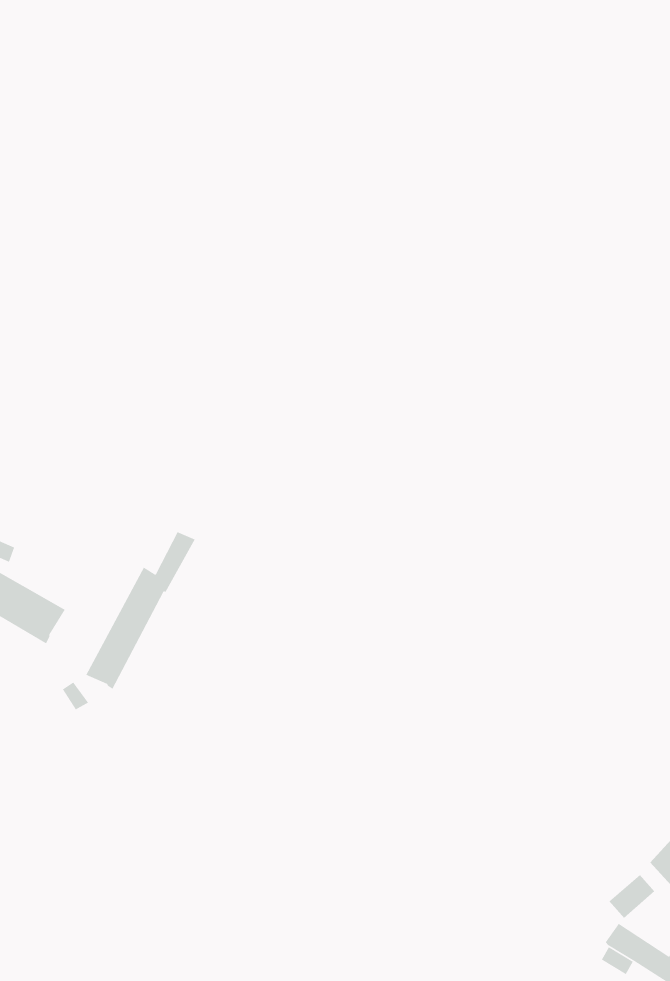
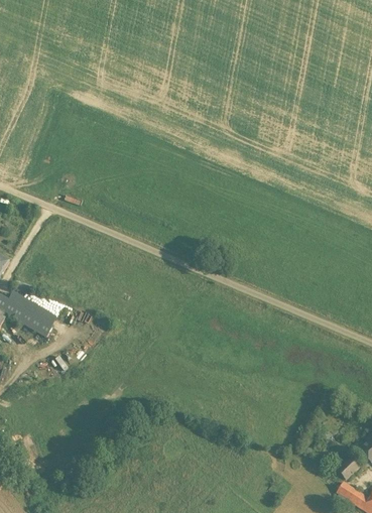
building: [85,531,196,690] -> none

